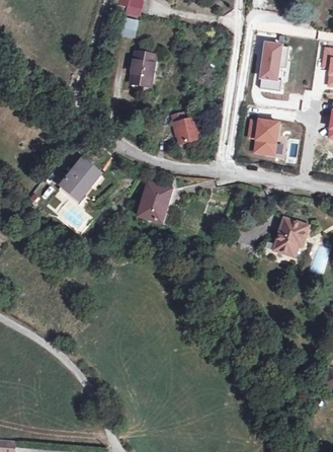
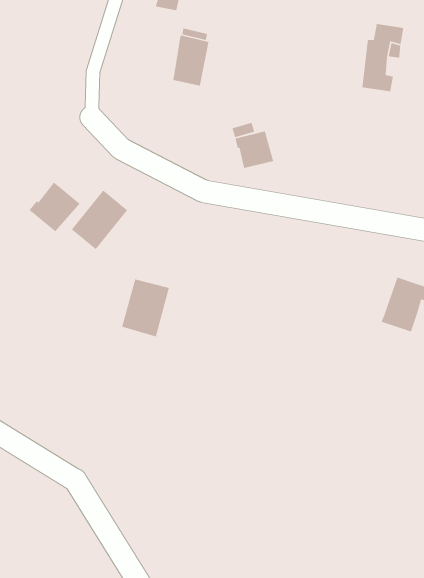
building: [249,111,279,146] -> none
building: none -> [28,182,81,232]
building: [138,182,171,223] -> [121,279,170,338]

